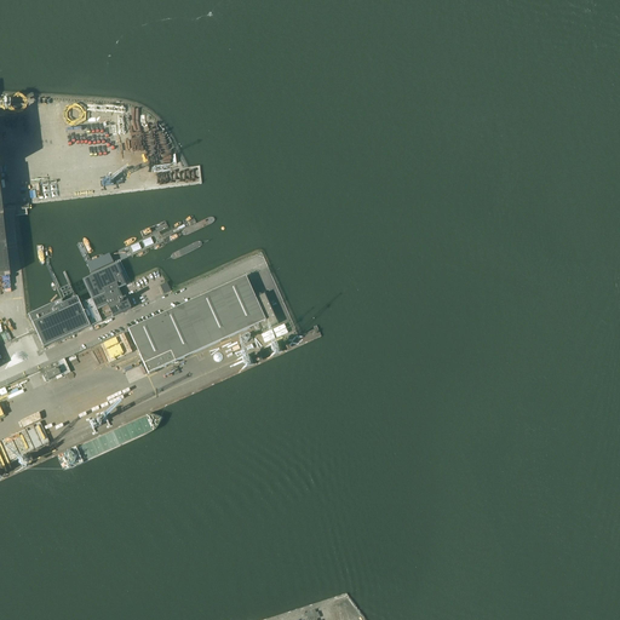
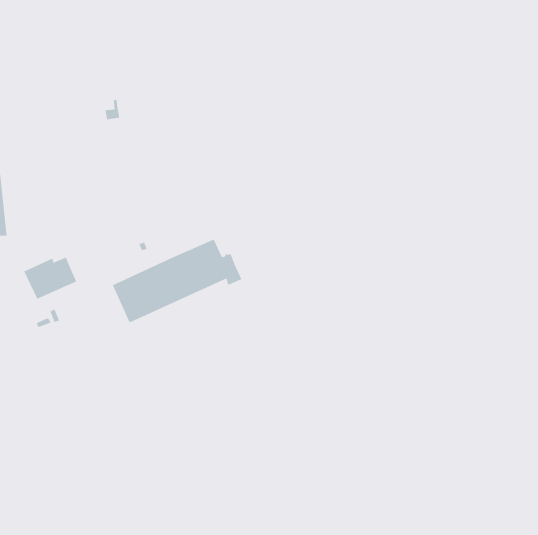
building: [79,262,130,323] -> none

